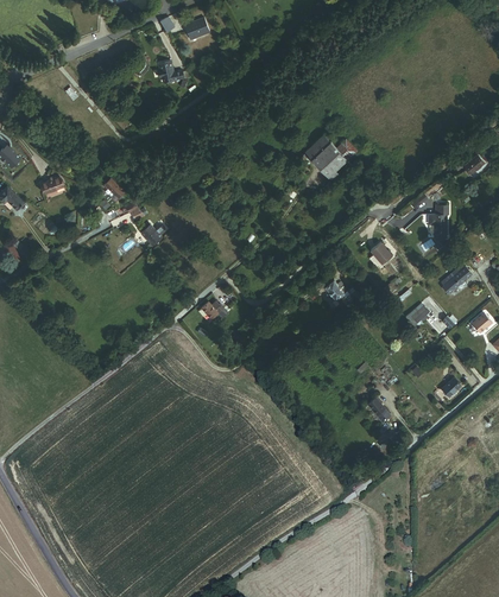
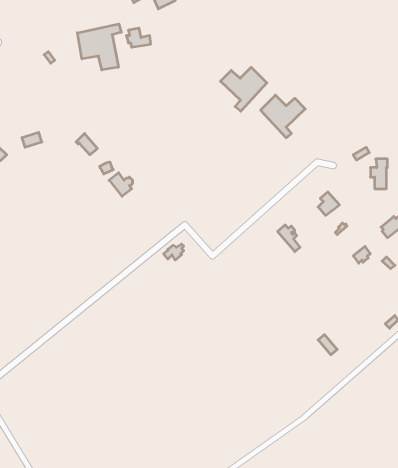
building: none -> [77,24,121,70]
building: none -> [220,67,267,111]

